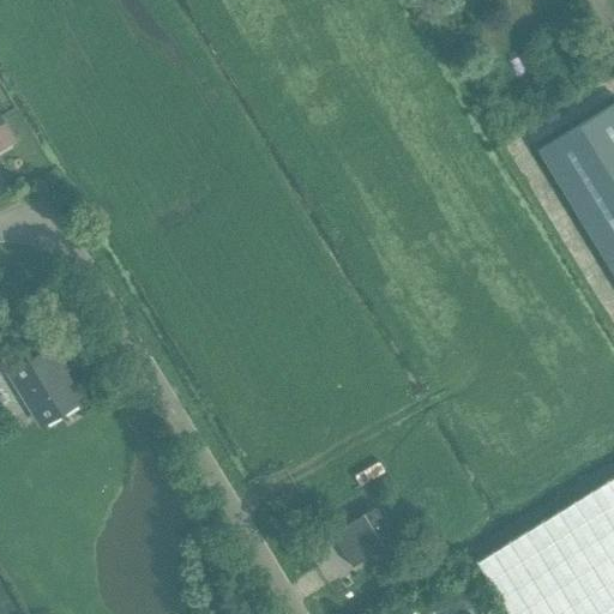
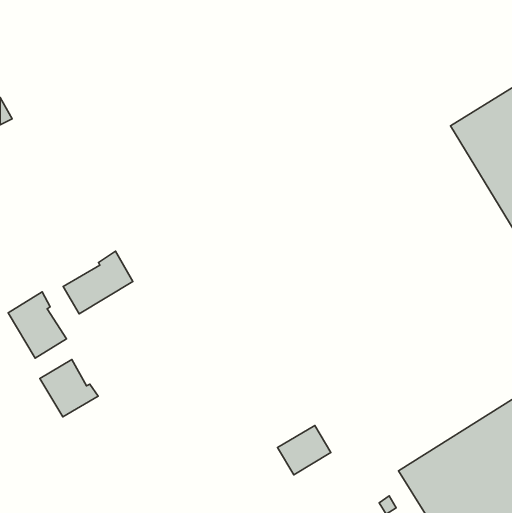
building: none -> [63,251,133,314]
building: none -> [40,360,98,417]

